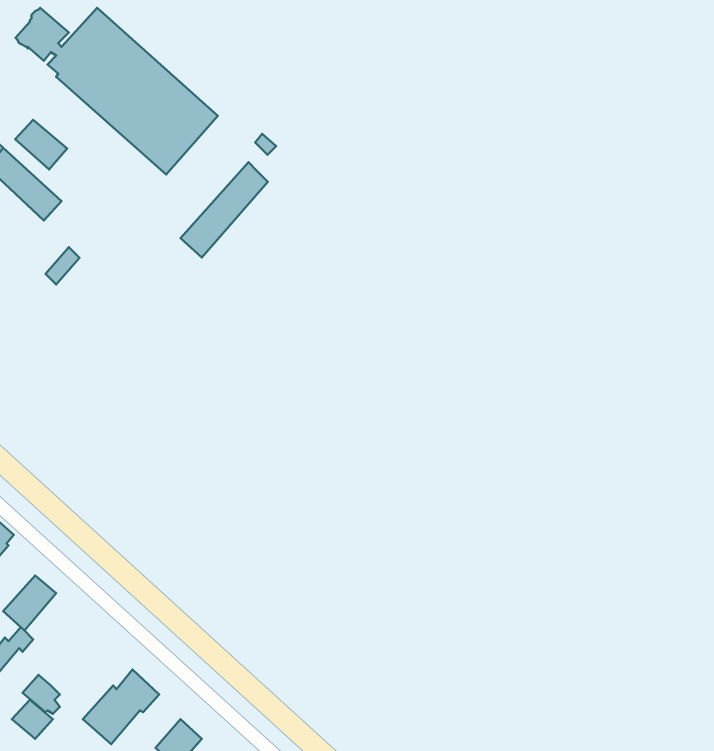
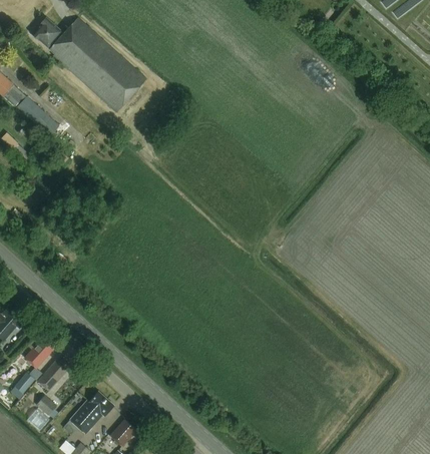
building: [15,120,67,170] -> none
building: [180,162,268,257] -> none
building: none -> [38,358,71,391]

